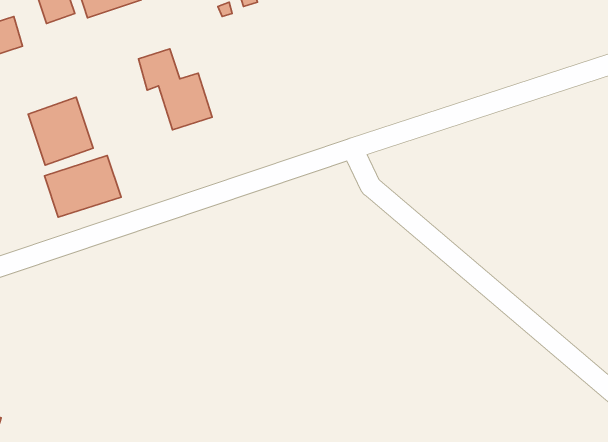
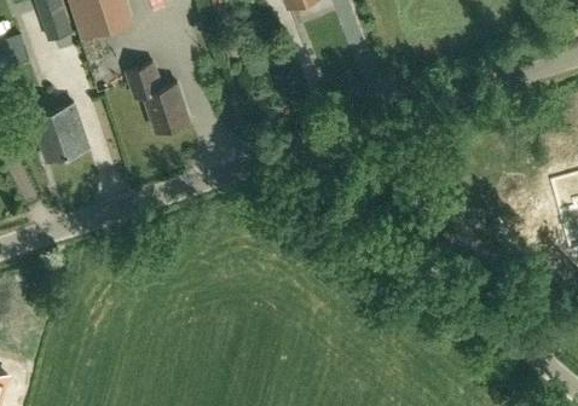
building: [44,155,121,217] -> none

